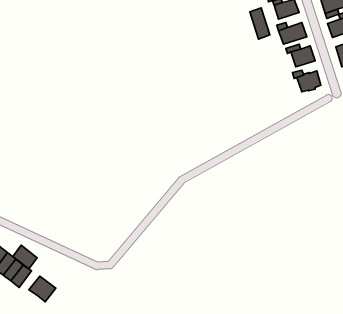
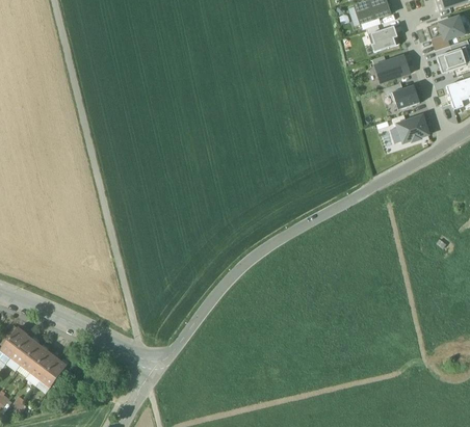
building: [250,8,270,39] -> none
building: [13,245,37,269] -> none
building: [29,276,56,302] -> none

